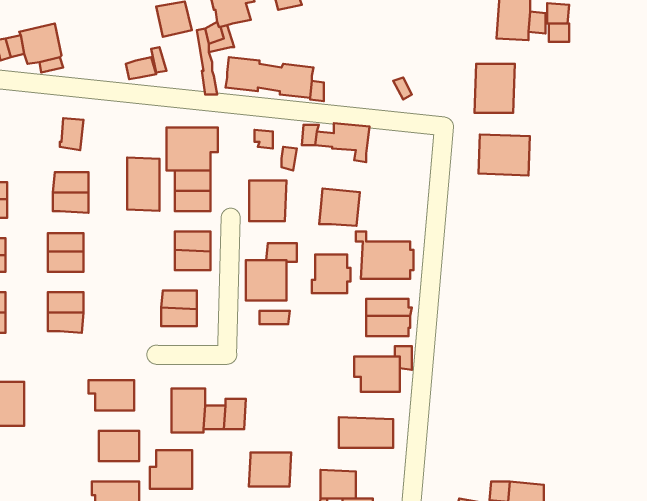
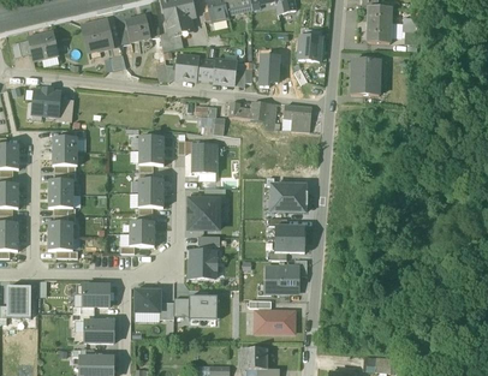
building: none -> [82,19,112,48]
building: none -> [298,35,321,60]
building: none -> [260,54,279,85]
building: none -> [32,86,60,114]
building: [167,128,218,170] -> none
building: [478,134,530,175] -> none
building: [127,157,159,211] -> none
building: [319,189,360,226] -> [282,105,311,131]
building: [312,254,351,293] -> [189,249,216,276]
building: [150,450,192,489] -> none
building: [249,453,291,486] -> [188,294,218,318]

